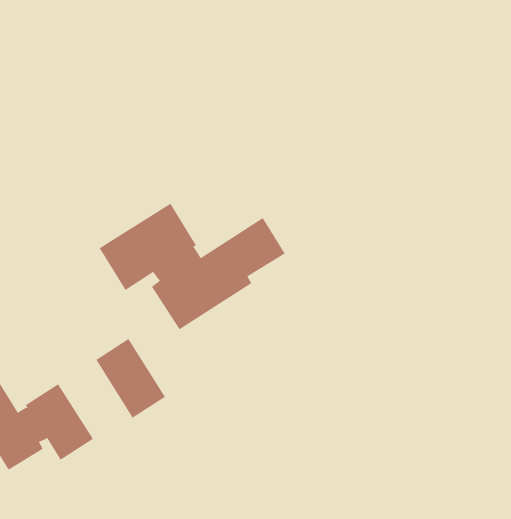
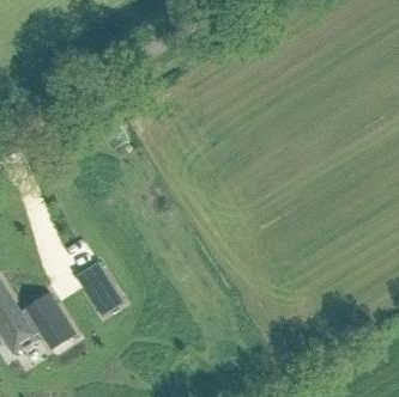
building: [99,203,285,330] -> none

